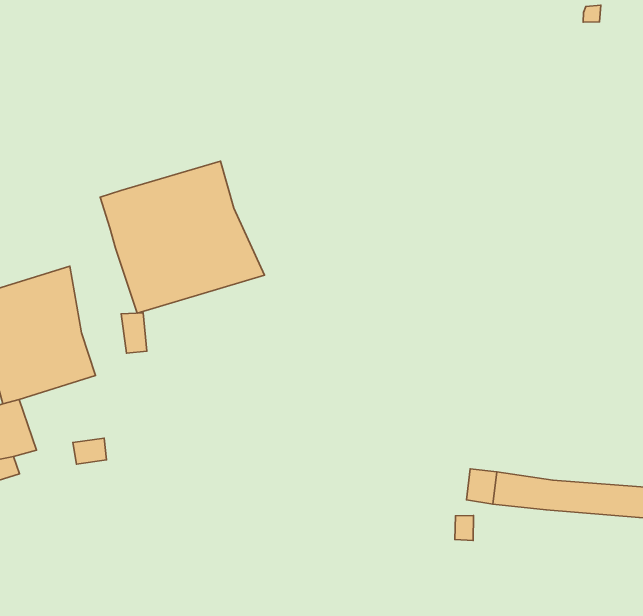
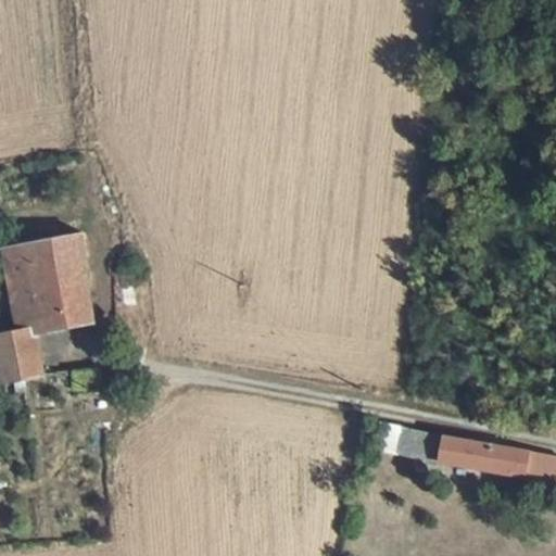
building: [100,161,265,313] -> none

